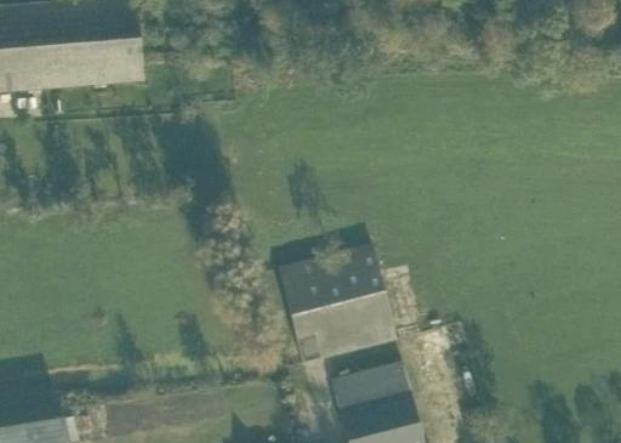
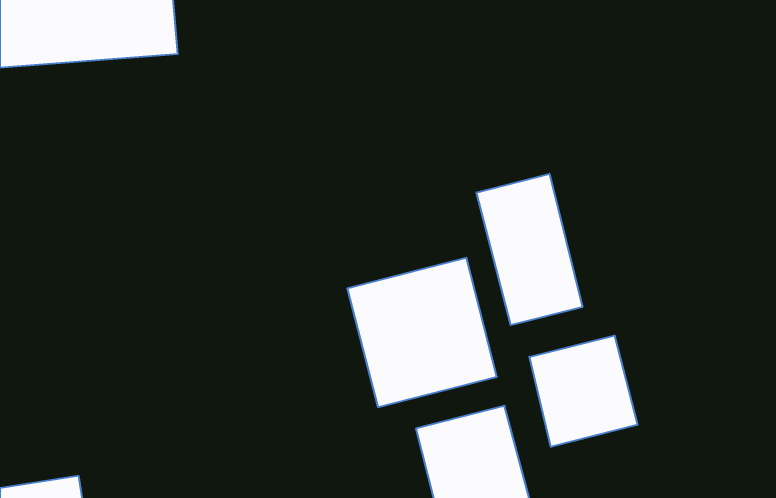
building: none -> [477,174,582,325]
building: none -> [529,335,637,447]

